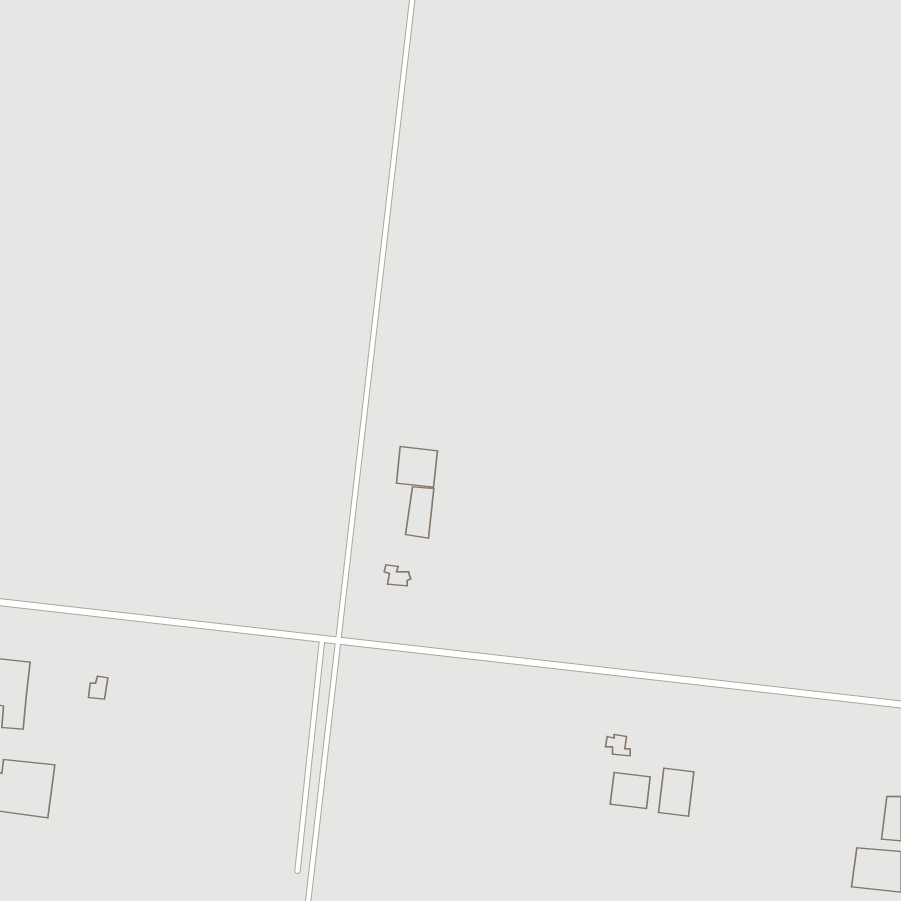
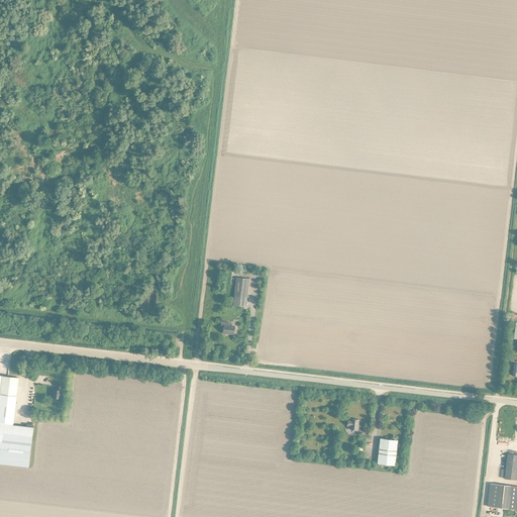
building: [396,447,437,487] -> none
building: [610,773,650,808] -> none

